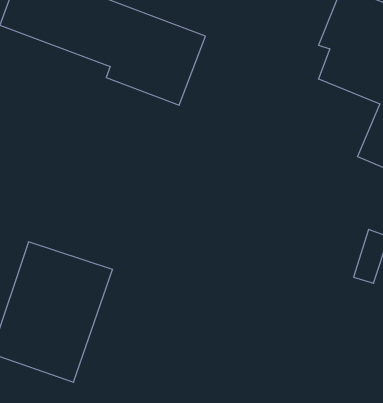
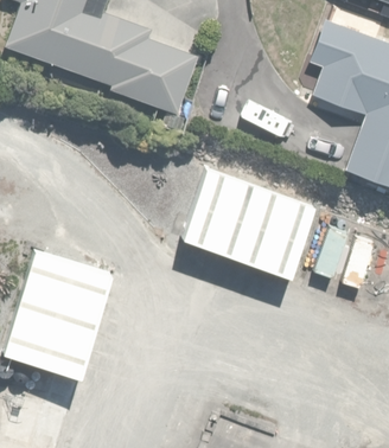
building: none -> [183,169,318,279]

